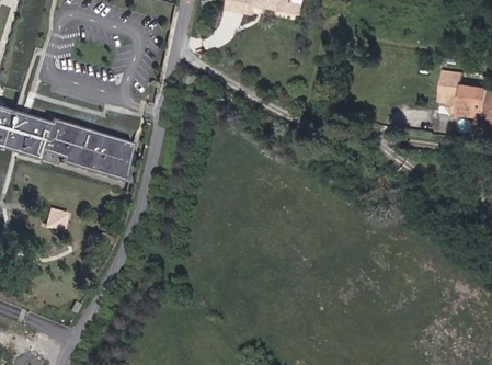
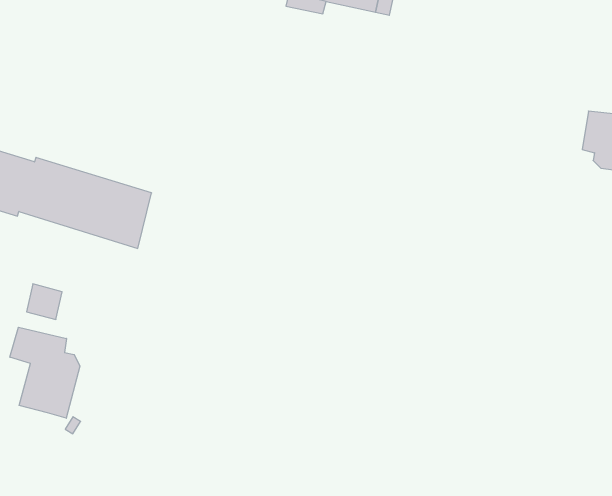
building: none -> [10,327,80,418]

